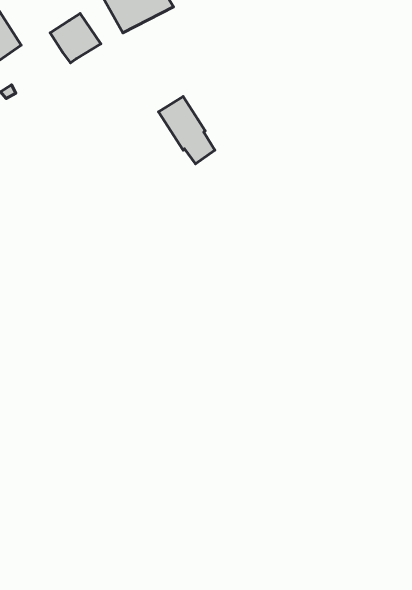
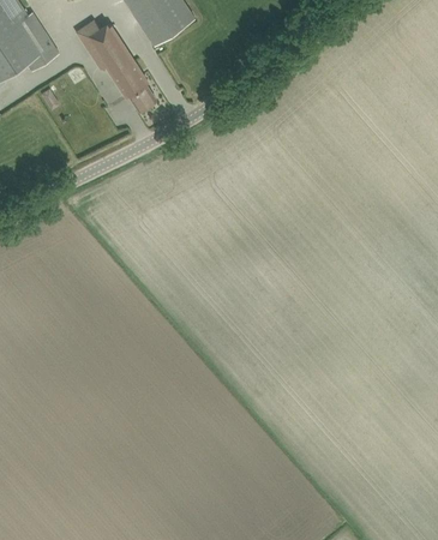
building: [158,97,215,164] -> [106,50,155,109]

